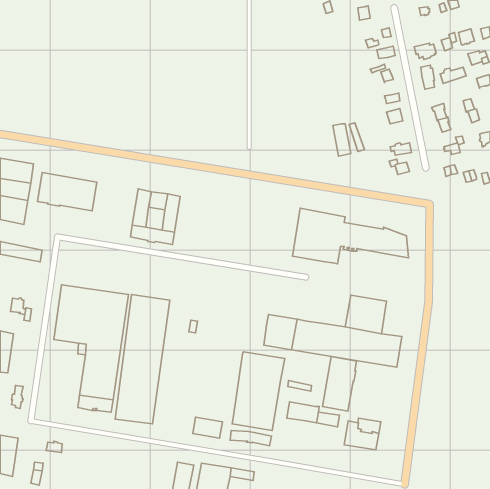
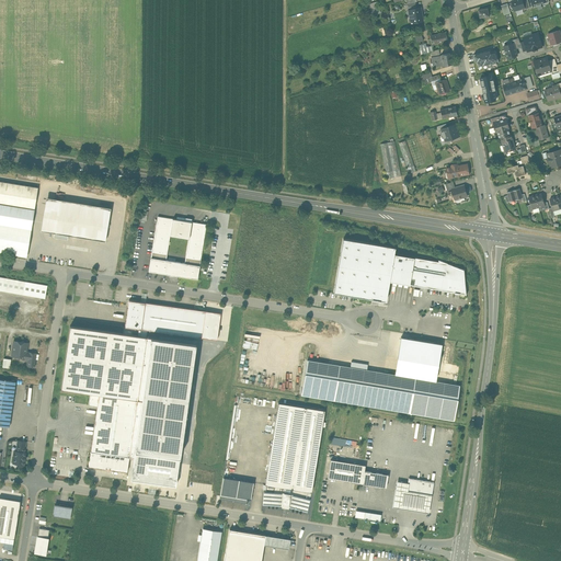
building: none -> [125,301,220,341]
building: [322,356,357,411] -> none

